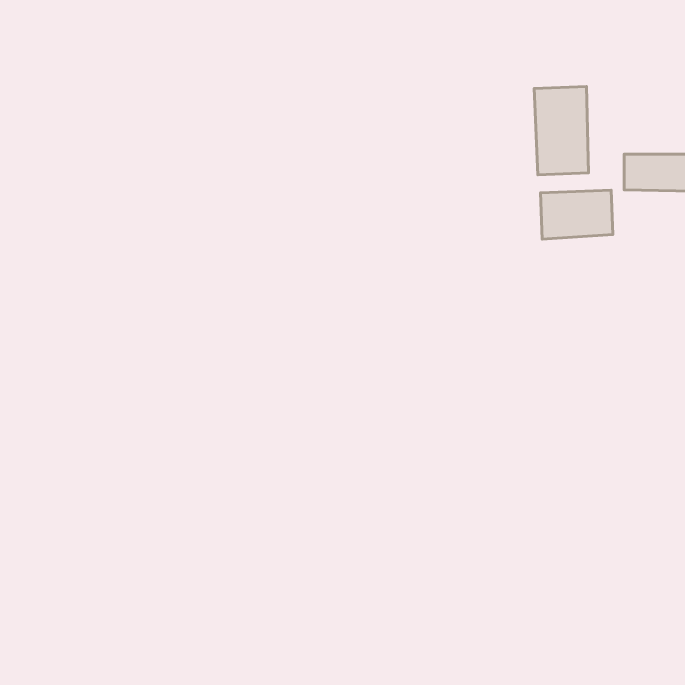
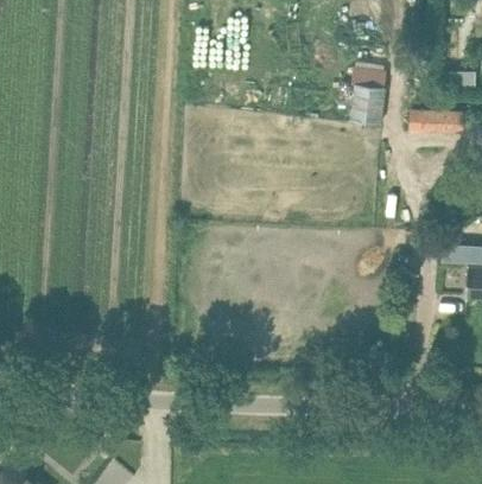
building: [540,190,613,239] -> none

